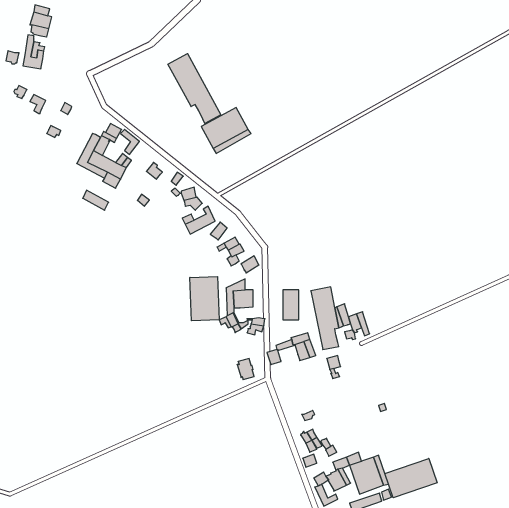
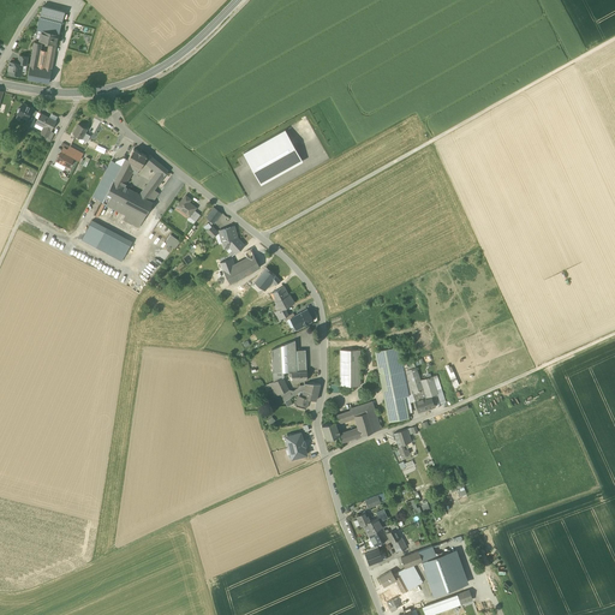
building: [168,54,221,124] -> none
building: none -> [82,221,126,262]
building: [190,277,219,321] -> none
building: [385,458,437,498] -> none

